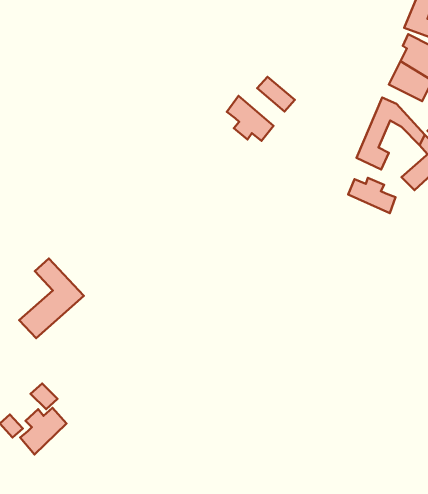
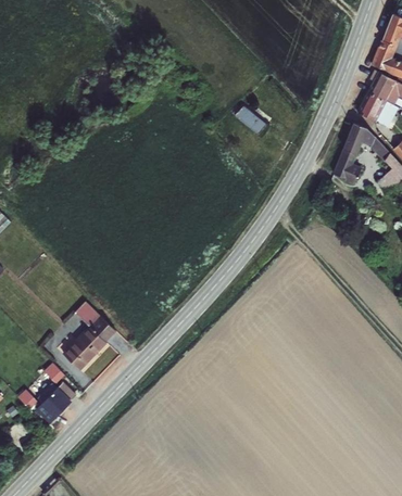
building: [227,96,274,141] -> none
building: [348,178,396,213] -> none
building: [19,258,84,338] -> [66,302,121,369]

